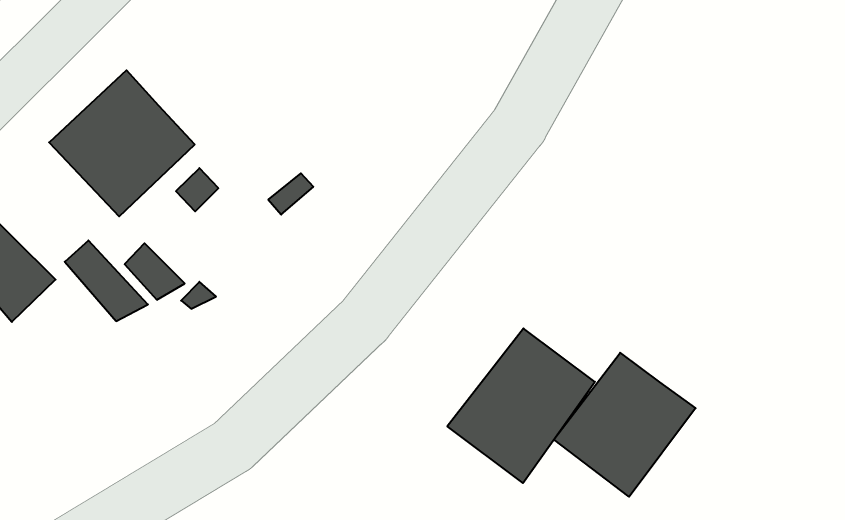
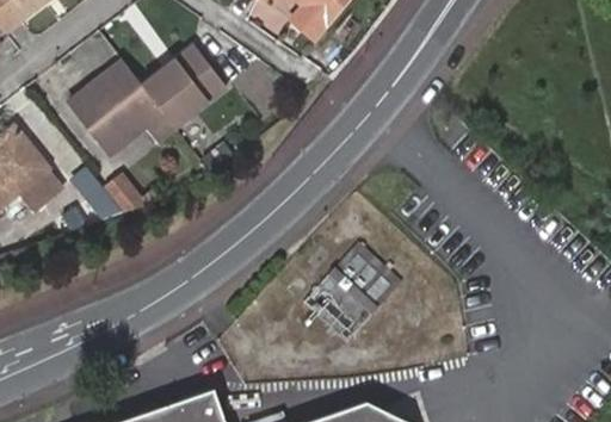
building: none -> [140,43,224,122]
building: [554,353,696,497] -> none

